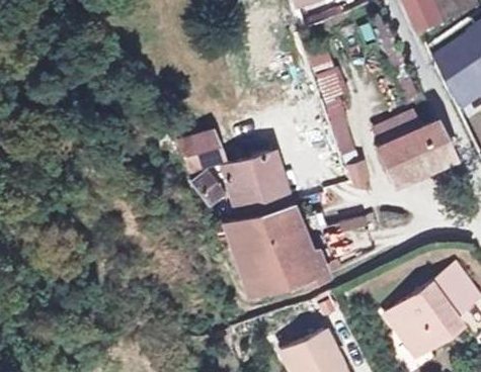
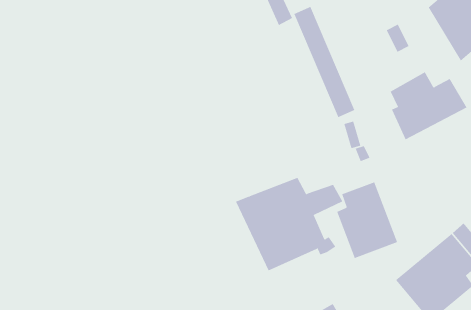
building: [192,127,231,201] -> none
building: [235,156,298,220] -> none
building: none -> [337,181,398,259]

